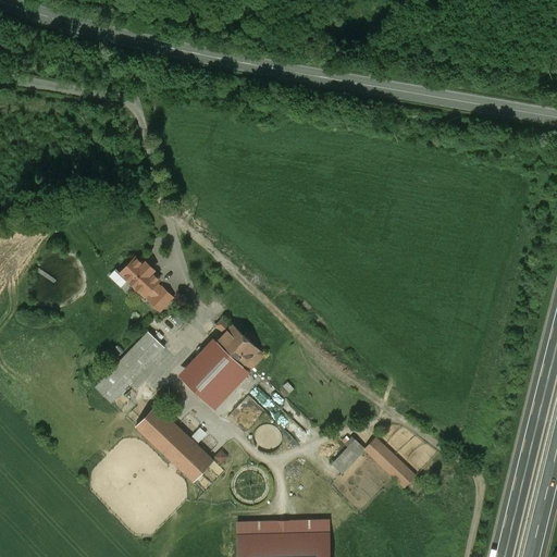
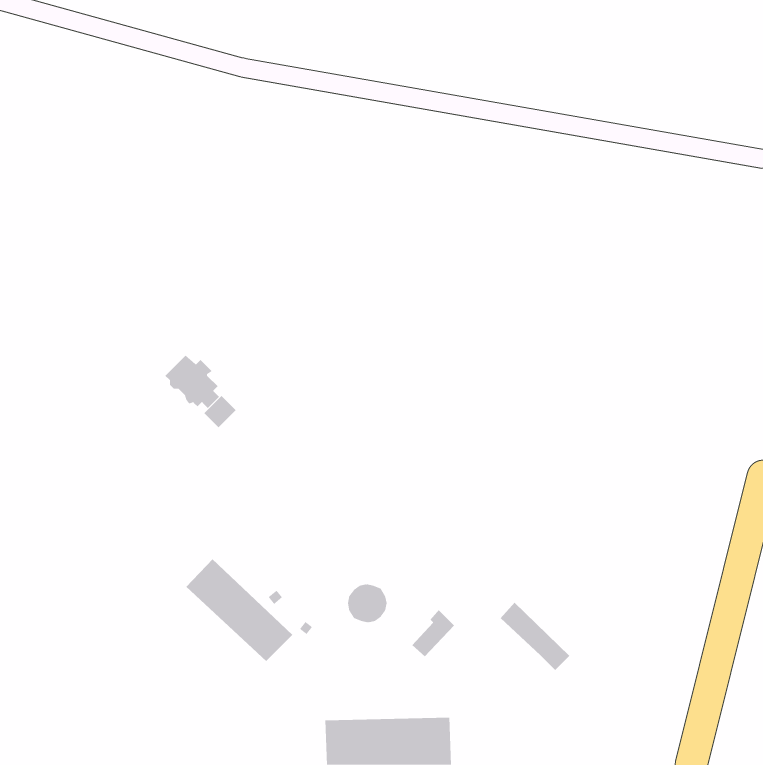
building: [183,319,264,401] -> none
building: [95,332,163,403] -> none
building: [332,437,363,472] -> [411,609,455,657]

